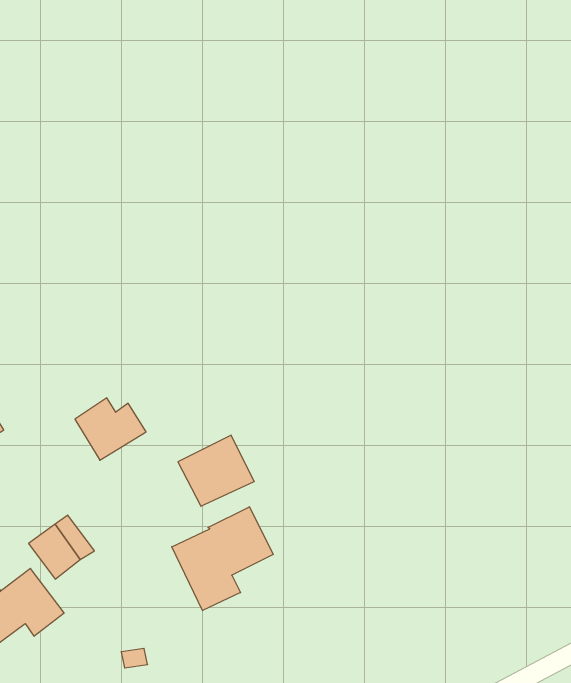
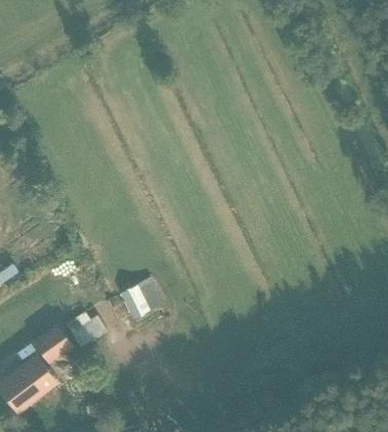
building: [75,398,146,460] -> [66,311,107,347]
building: [172,507,273,611] -> none

